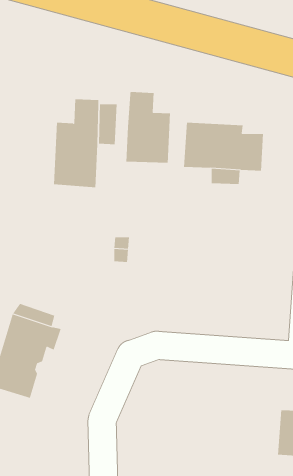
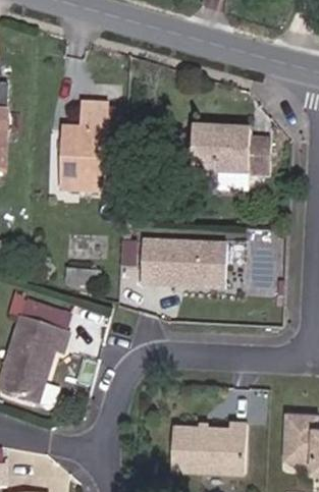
building: [126,91,170,163] -> none
building: none -> [139,238,226,286]
building: none -> [170,420,247,472]

